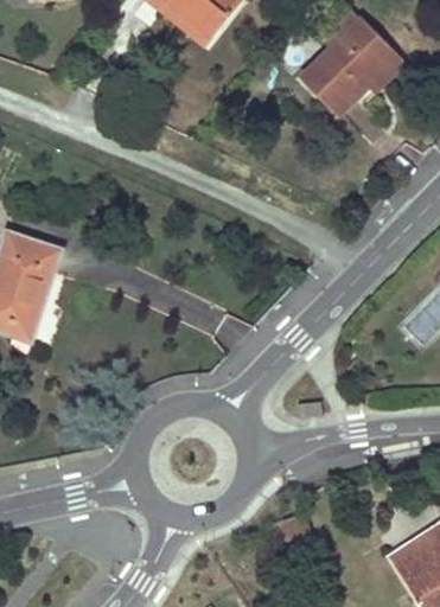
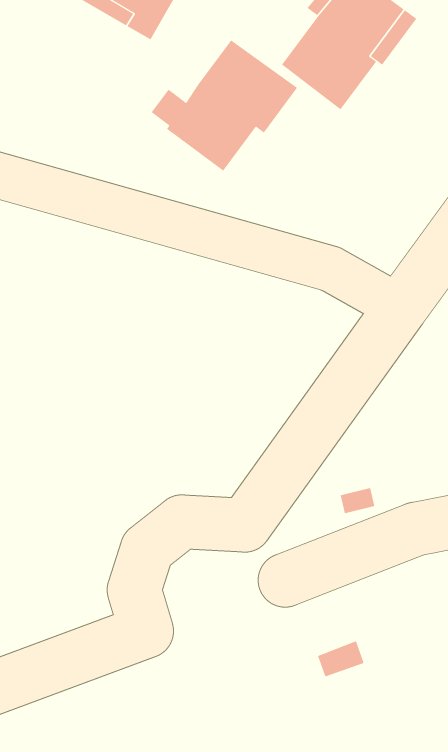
building: none -> [151,40,298,172]

